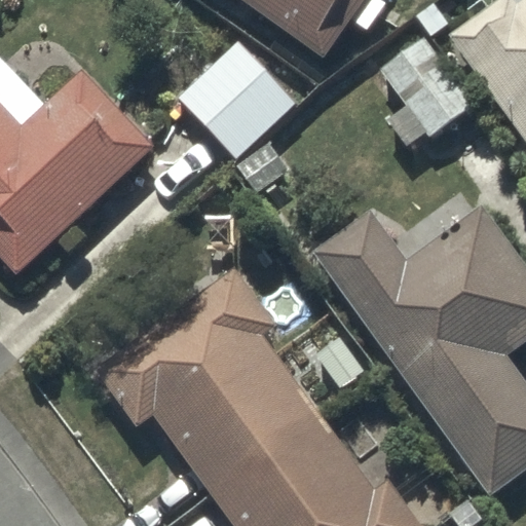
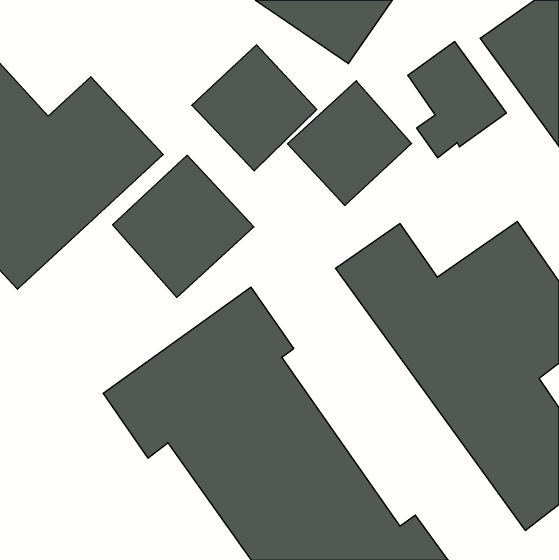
building: none -> [287,81,412,206]
building: none -> [113,155,254,297]

